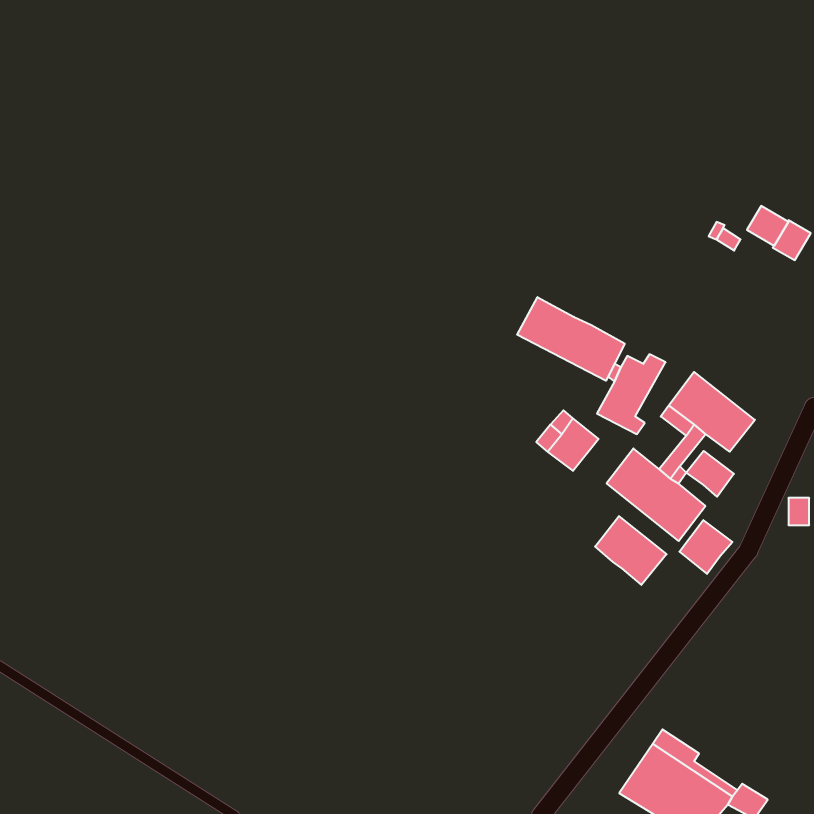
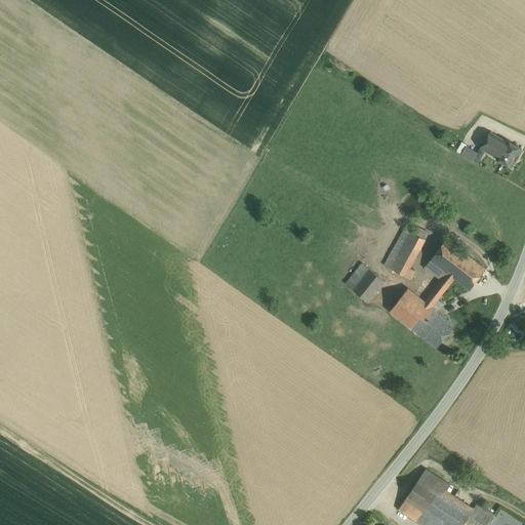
building: [517,297,625,381] -> none
building: [686,451,734,497] -> none
building: [595,516,667,585] -> none
building: [679,520,732,574] -> none

